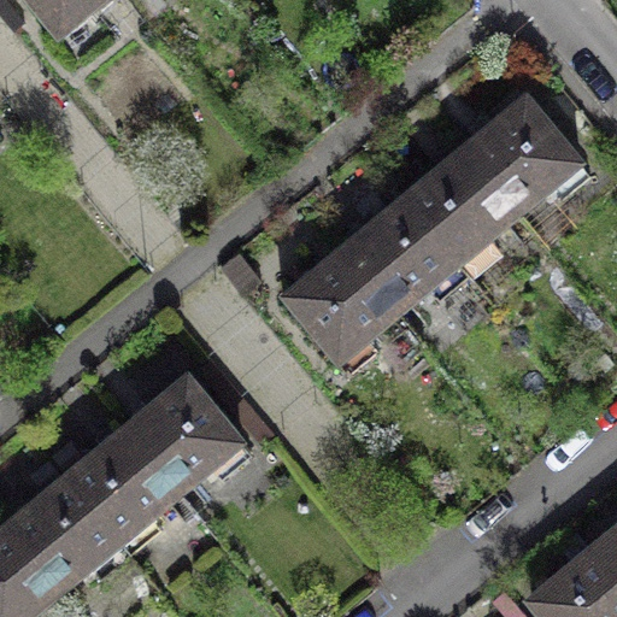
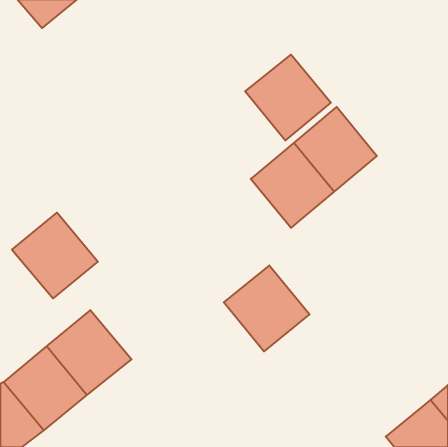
building: [463,96,581,215] -> [245,55,331,140]
building: [282,246,400,364] -> [224,265,310,351]
building: [124,376,242,494] -> [12,213,98,298]

